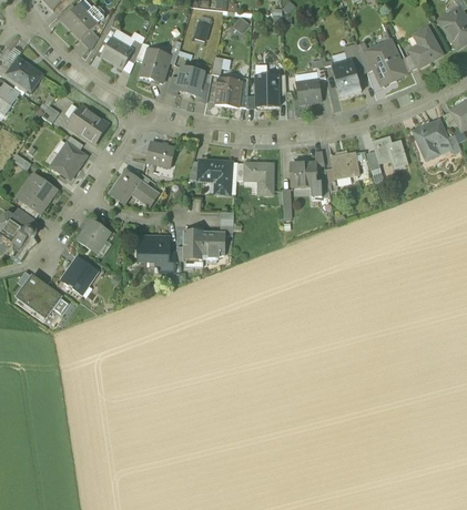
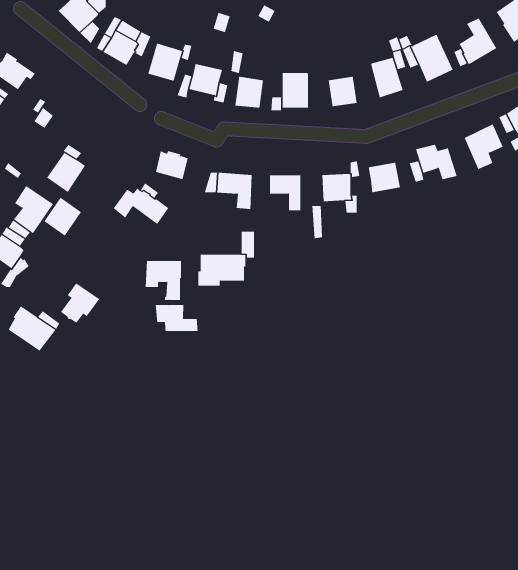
building: [68,105,106,143] -> none
building: [75,218,109,253] -> [43,197,82,236]
building: none -> [155,304,198,332]

